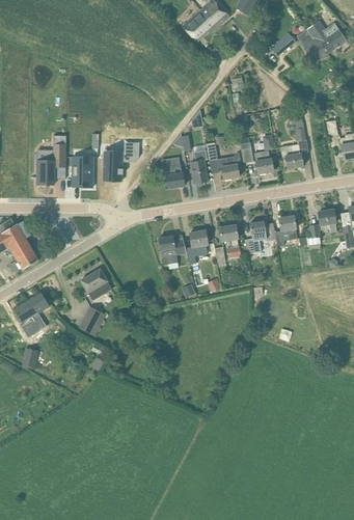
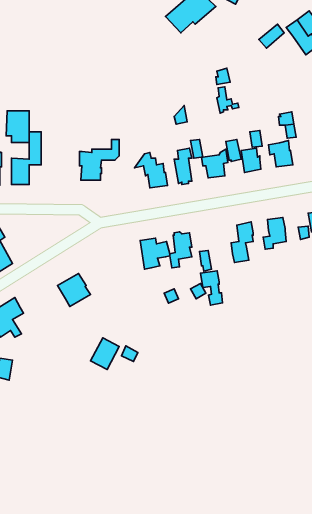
building: [72,157,93,187] -> [6,111,29,143]
building: [220,225,241,257] -> [201,271,223,305]
building: [79,305,106,335] -> [91,338,119,370]

